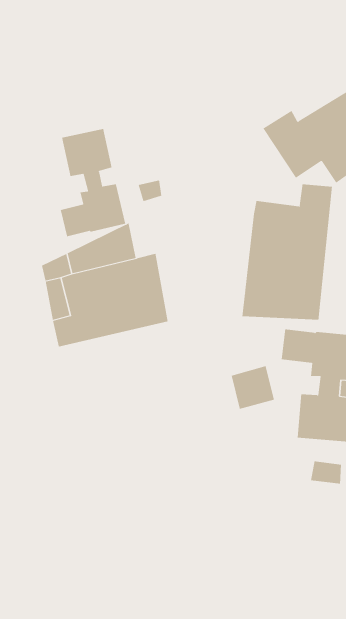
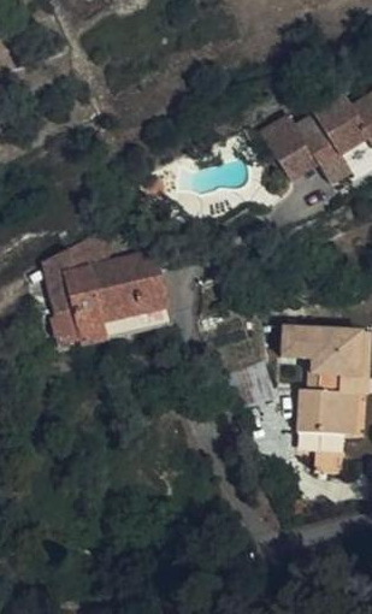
building: [60,128,126,237] -> none
building: [242,183,333,320] -> none

